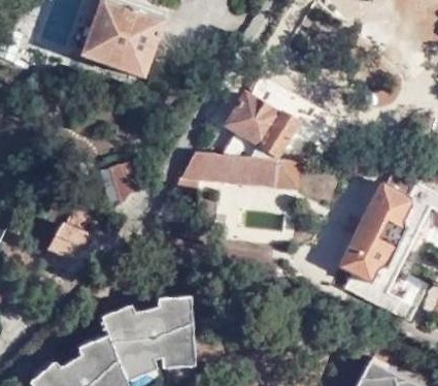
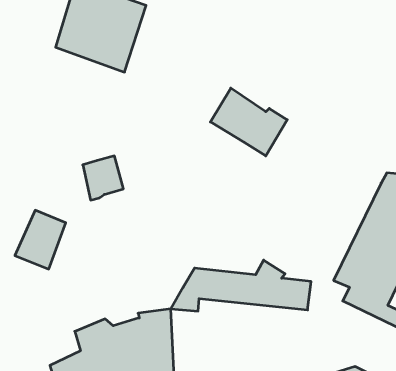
building: [172,144,300,191] -> [171,260,311,311]

